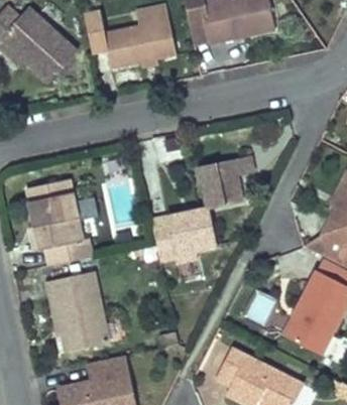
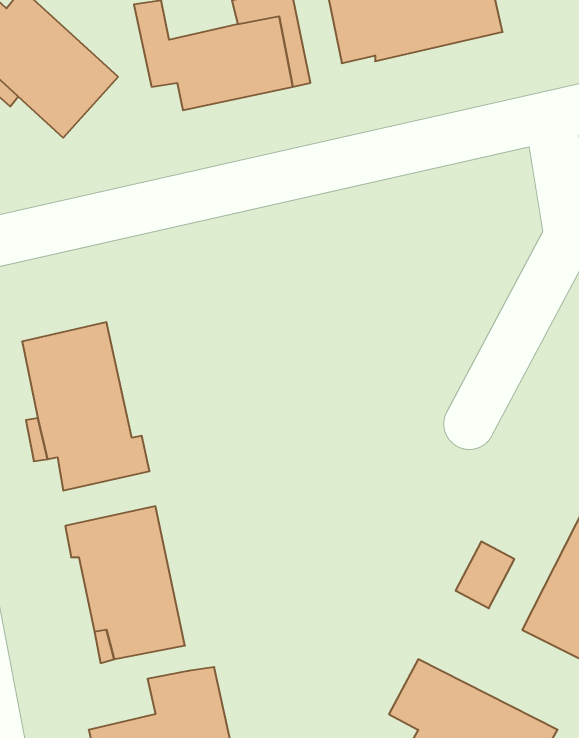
building: [151,156,250,264] -> none

